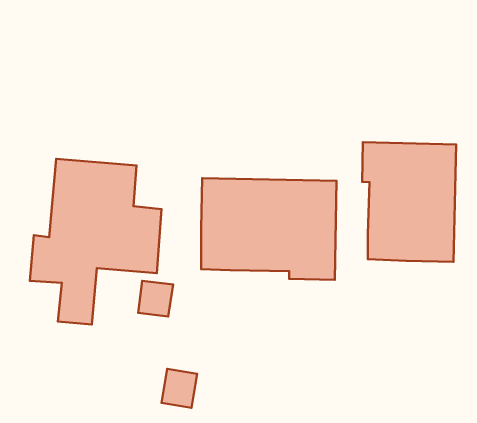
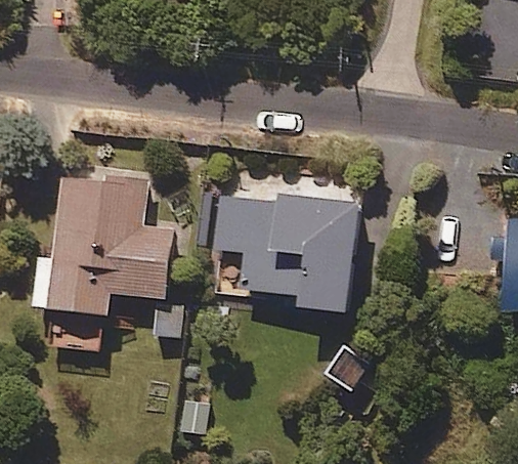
building: [362,142,456,262] -> none

